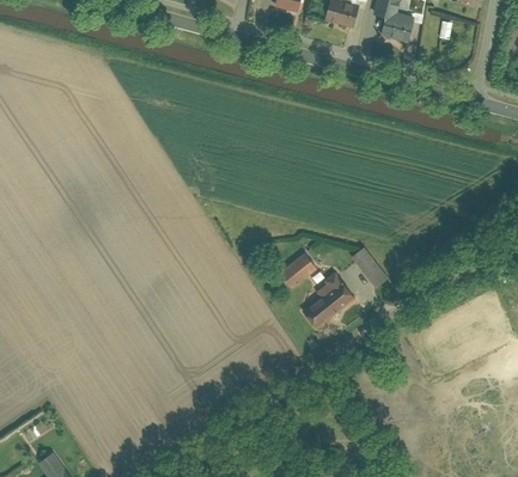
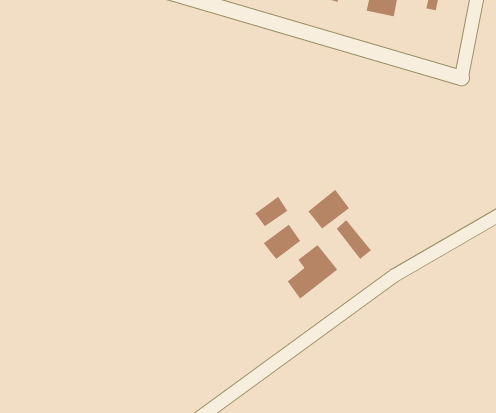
building: none -> [307,189,350,229]
building: none -> [254,196,288,227]

